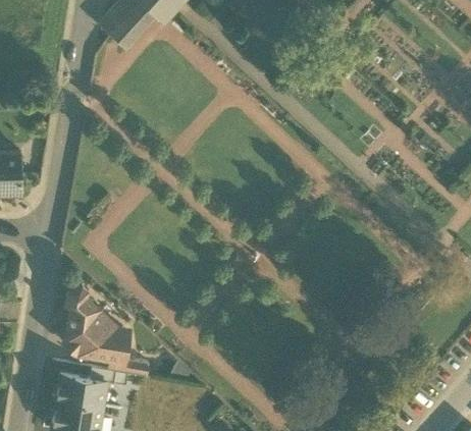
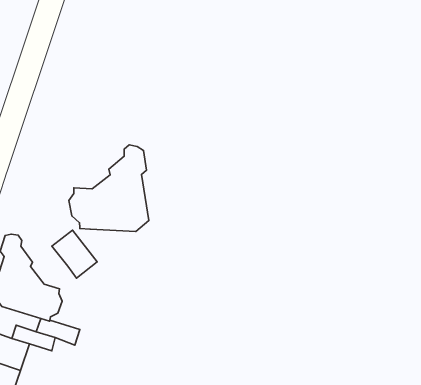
building: none -> [69,145,149,232]
building: none -> [52,230,97,278]

